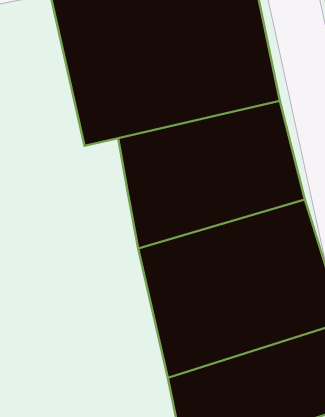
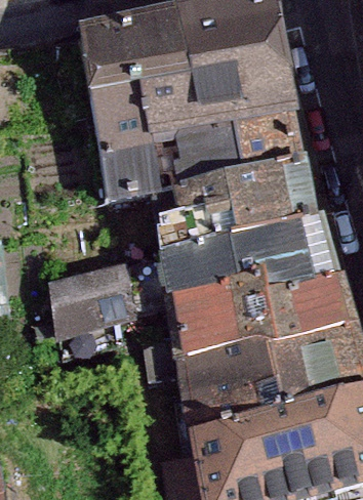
building: none -> [48,248,162,341]

